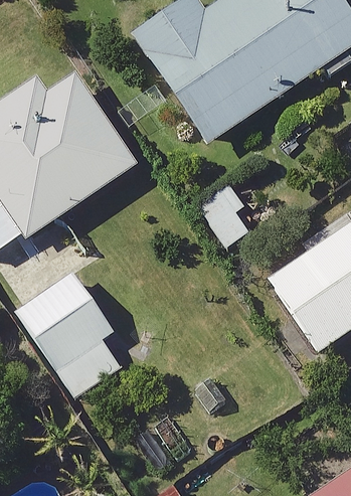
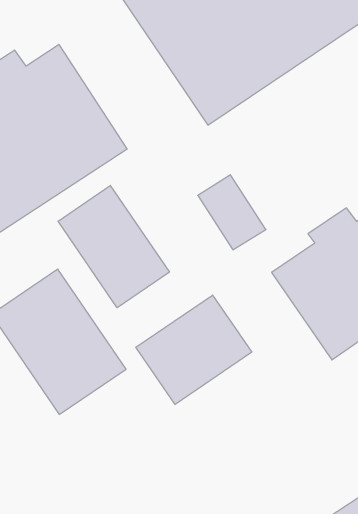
building: none -> [58,185,169,308]
building: none -> [136,295,252,404]

